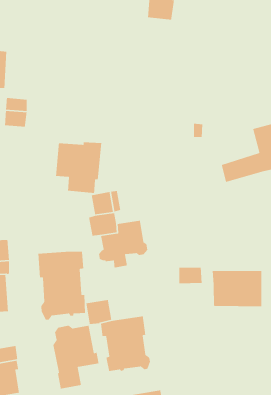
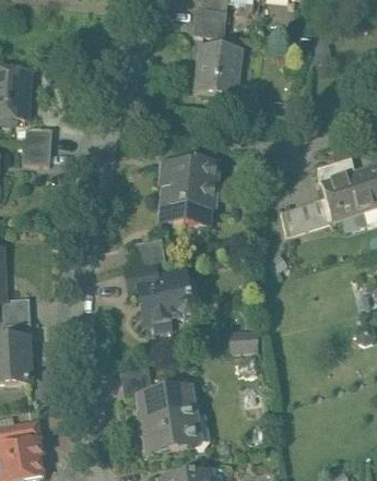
building: none -> [195,44,240,95]
building: [55,141,102,194] -> [161,160,216,223]
building: [37,251,86,320] -> none
building: [212,270,262,307] -> none
building: [53,325,99,390] -> none

